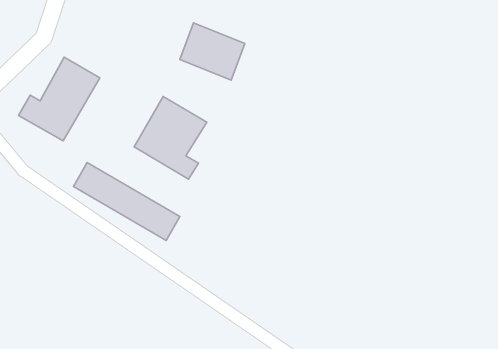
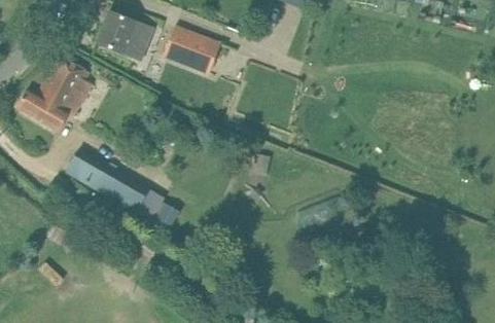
building: none -> [98,12,152,61]
building: [134,97,207,179] -> none

